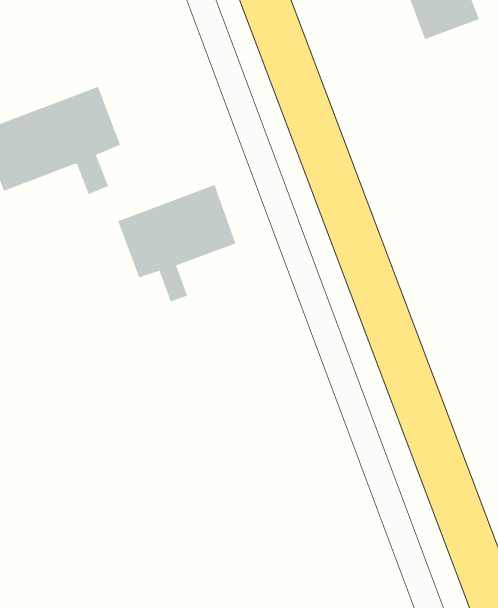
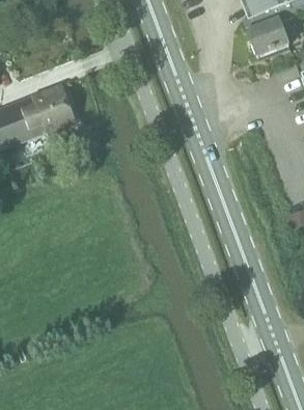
building: [117,184,236,302] -> none

